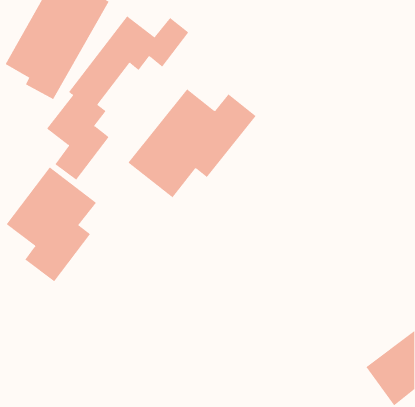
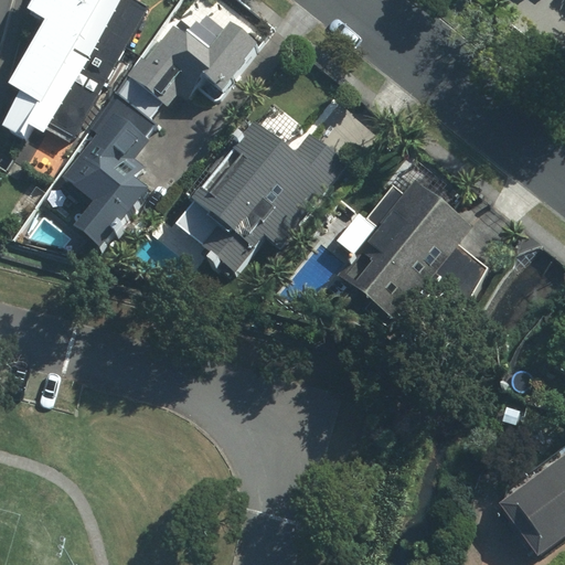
building: none -> [337,180,488,319]
building: [6,166,97,282] -> none

